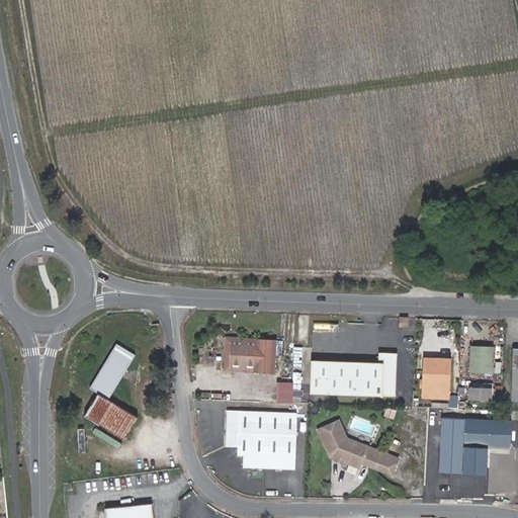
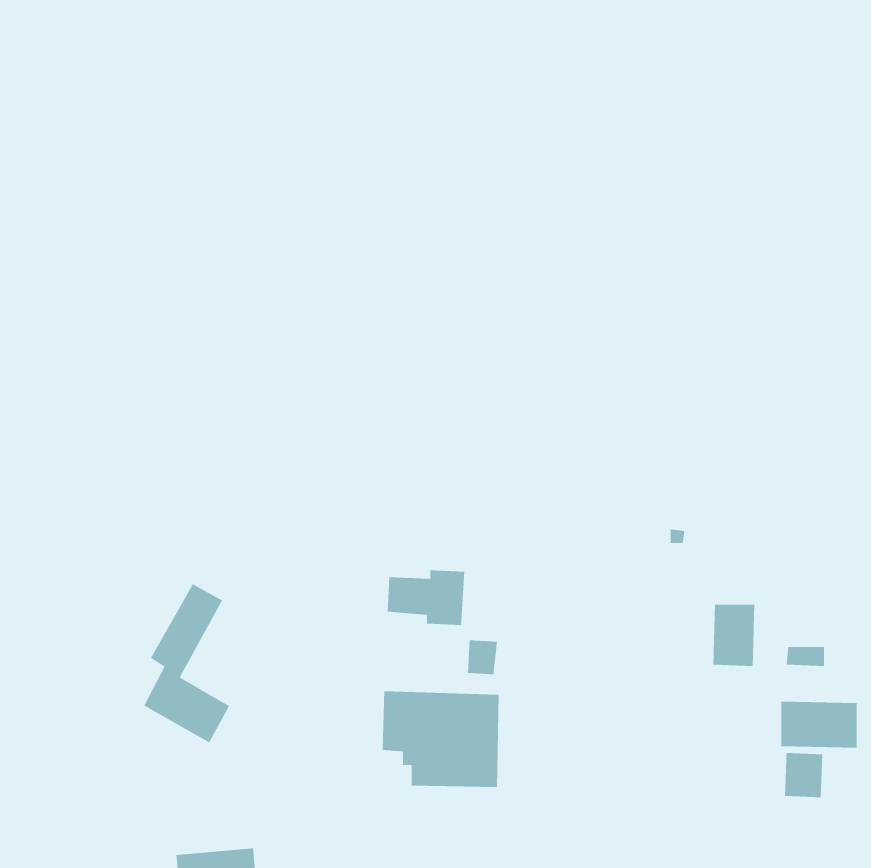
building: [225,339,255,372] -> none
building: [469,346,493,373] -> none
building: [311,352,396,394] -> none
building: [439,417,463,472] -> none
building: [319,421,398,472] -> none

